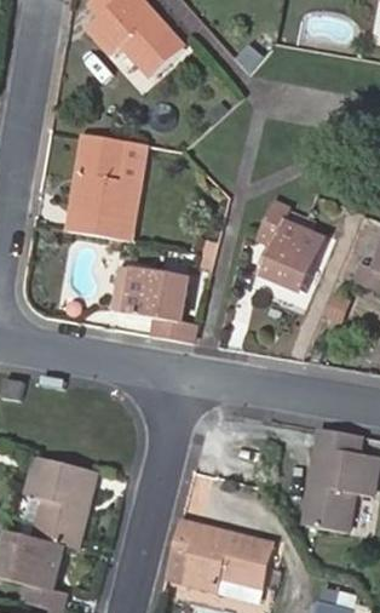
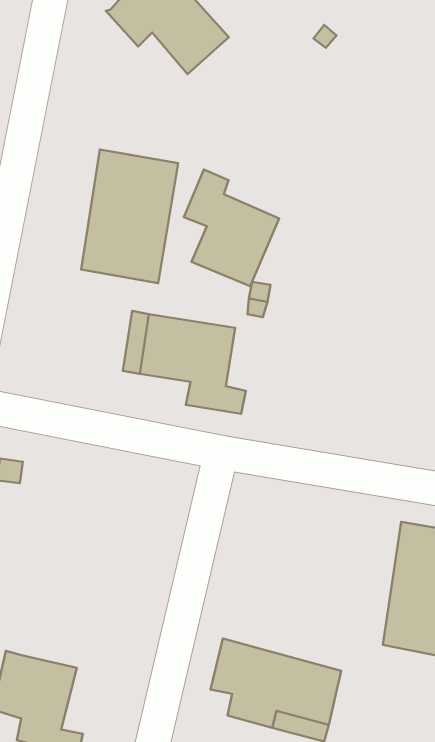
building: [253,200,328,292] -> [184,169,279,286]
building: [22,454,94,545] -> none

